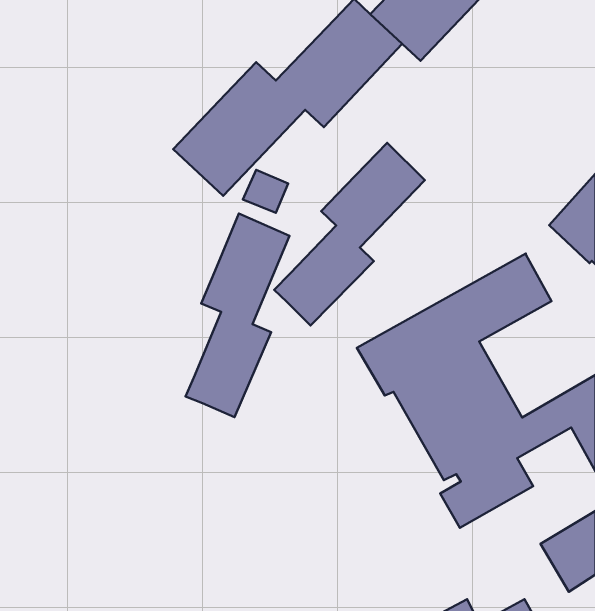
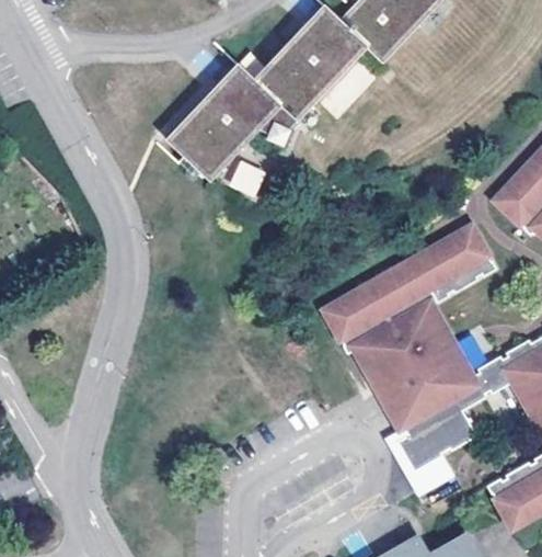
building: [274,143,425,326] -> none
building: [186,214,289,417] -> none

